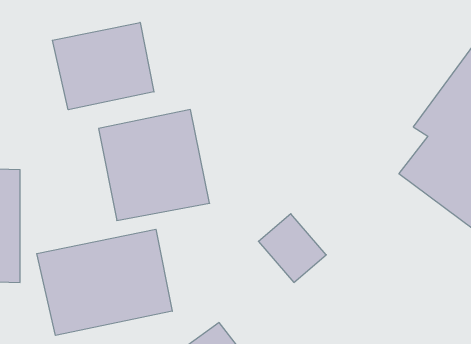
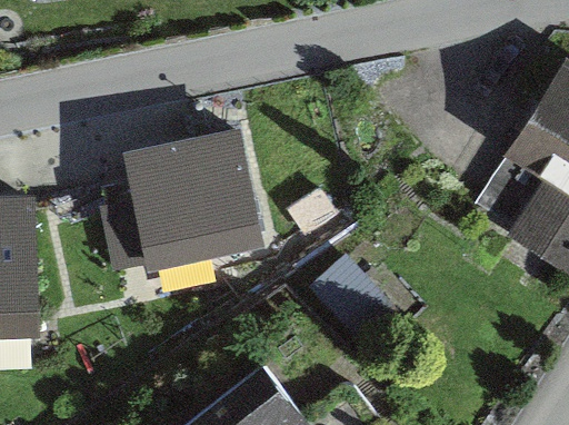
building: [52,22,154,110] -> none
building: [37,229,172,335] -> none

